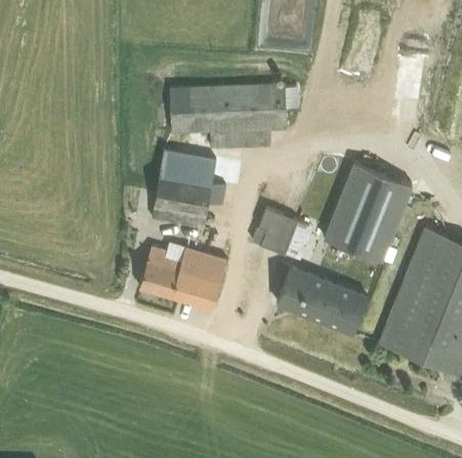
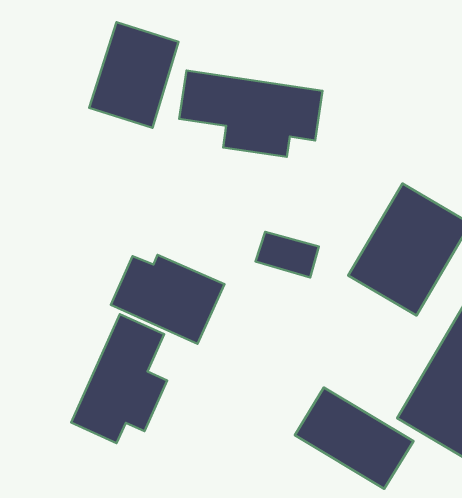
building: [152,154,214,233] -> [89,22,179,128]
building: [277,261,371,334] -> [295,388,414,489]
building: none -> [71,314,167,443]

